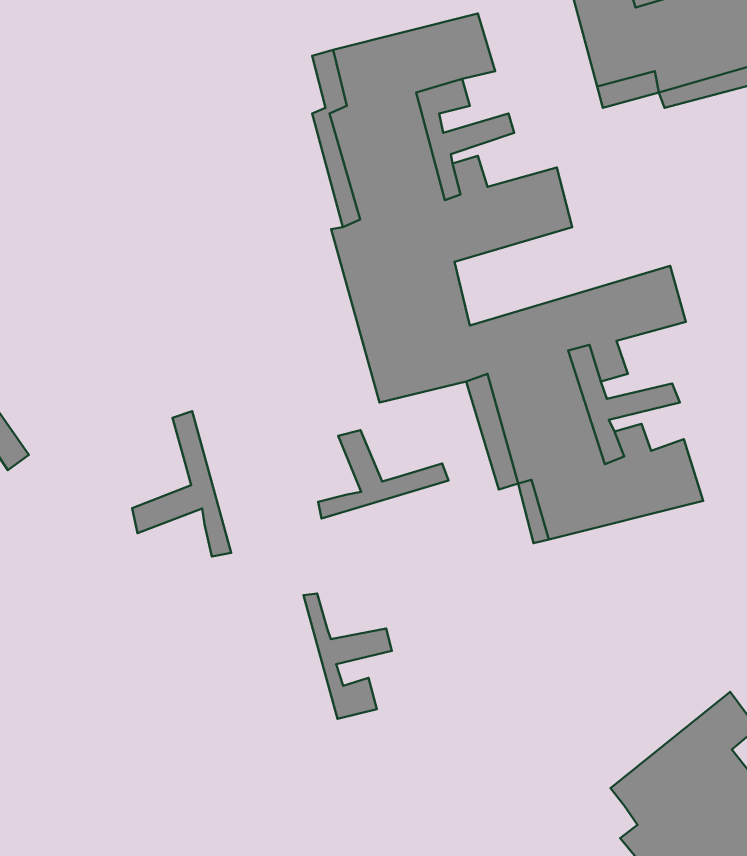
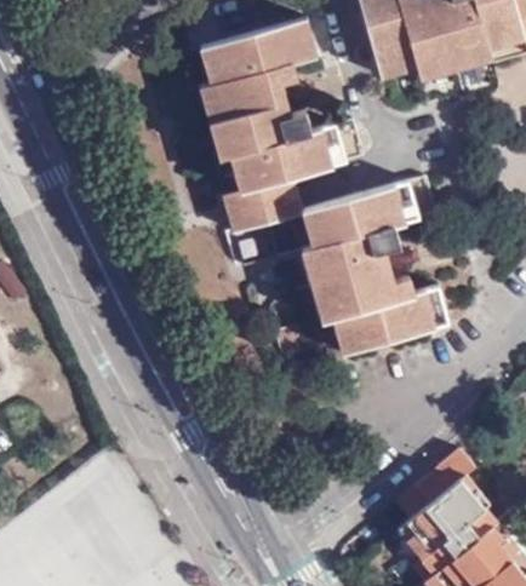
building: [132,411,231,556] -> none
building: [318,430,449,519] -> none
building: [303,593,392,719] -> none

